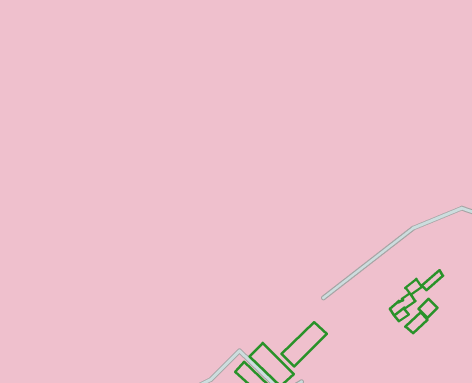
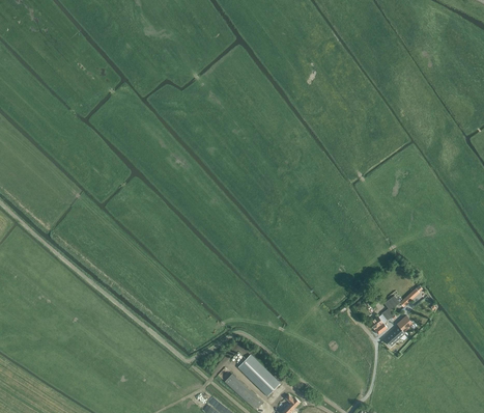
building: [282,322,327,366] -> none

